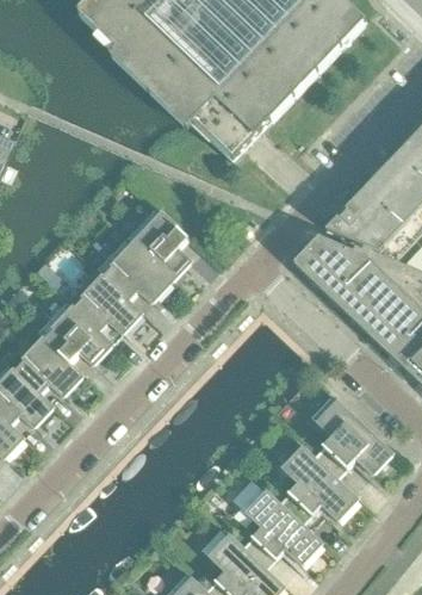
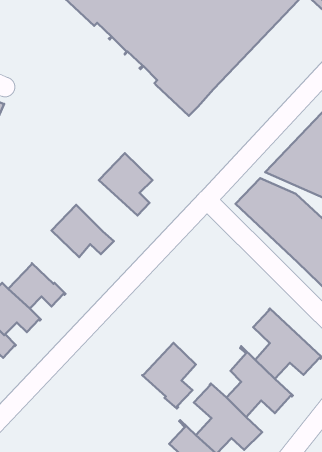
building: [98,237,172,299] -> none
building: [37,298,114,362] -> none
building: none -> [142,343,196,409]

